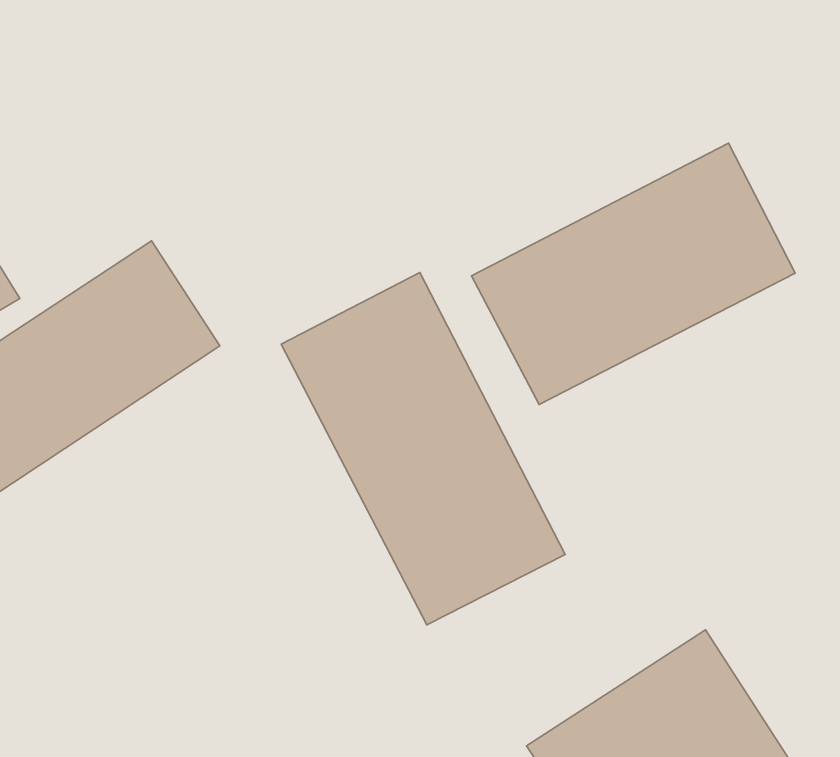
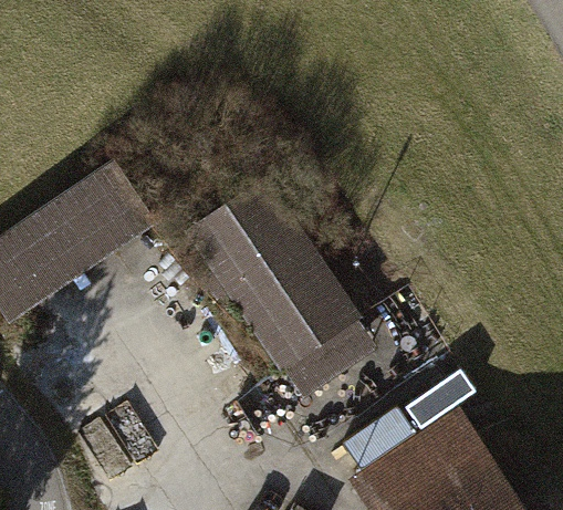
building: [472,143,795,404] -> none

